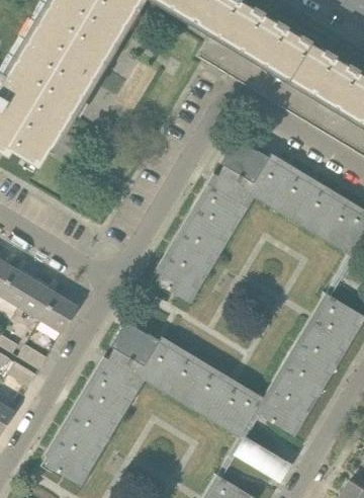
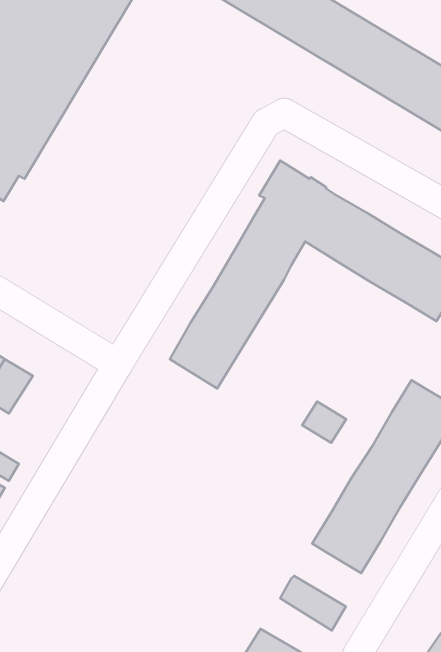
building: [38,293,77,333] -> none
building: none -> [302,402,346,443]
building: [44,320,259,486] -> none

